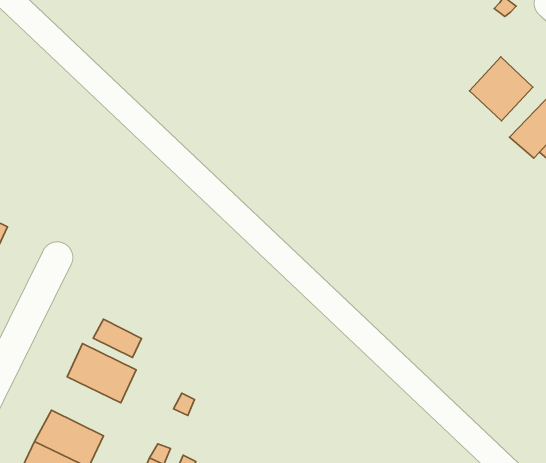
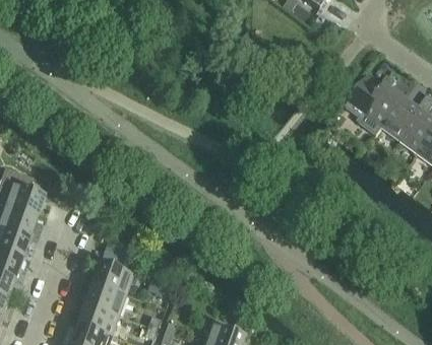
building: [470,57,533,121] -> none
building: none -> [84,281,126,315]

